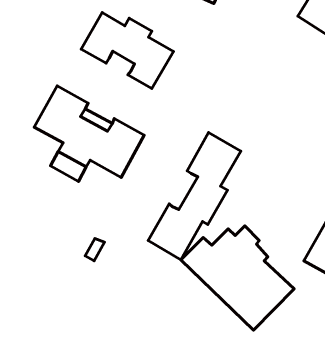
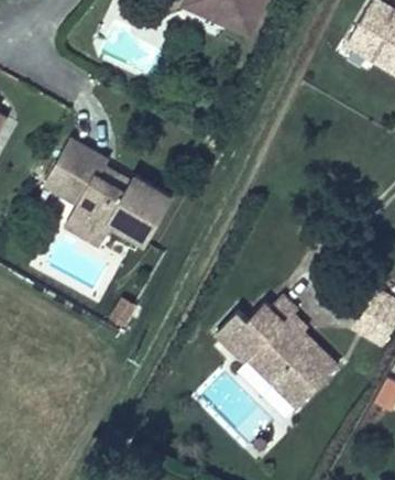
building: [81,12,173,89] -> none
building: [148,133,241,260] -> none

